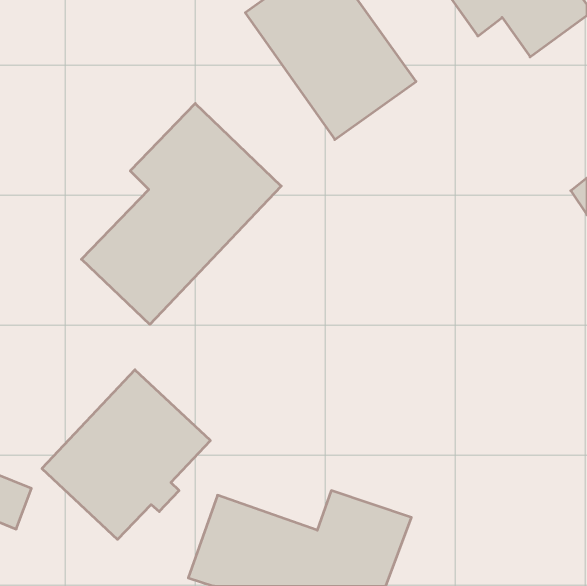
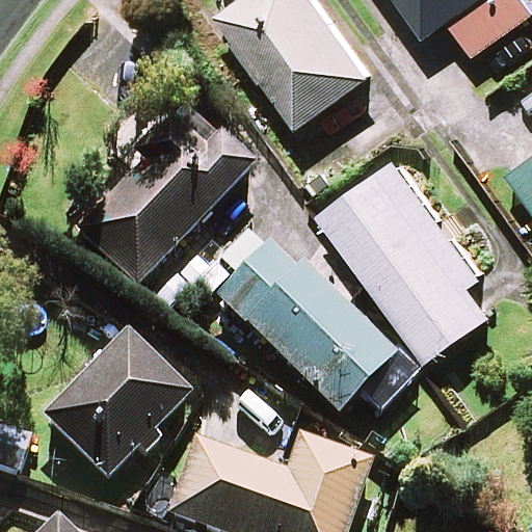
building: none -> [322,157,491,357]
building: none -> [212,241,390,416]

